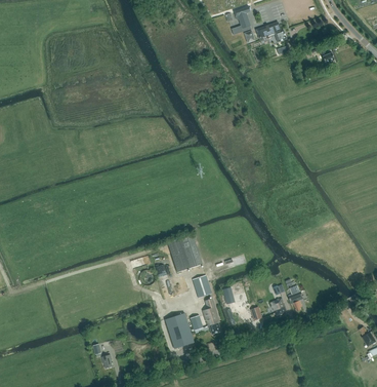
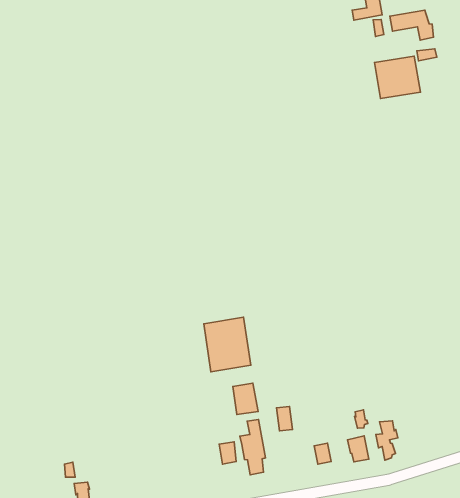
building: none -> [374,56,420,98]
building: [165,313,194,349] -> none

